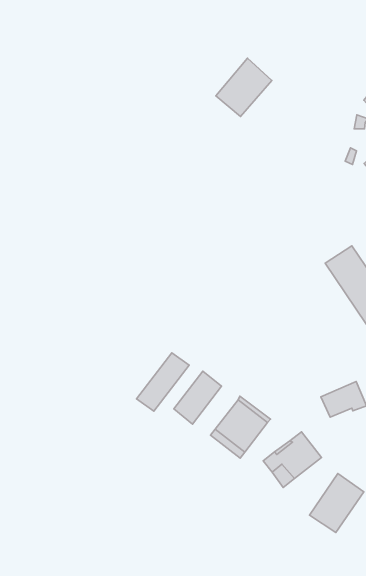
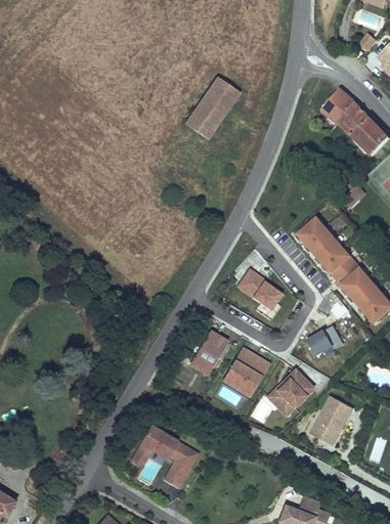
building: none -> [185,111,216,137]
building: none -> [236,269,281,309]
building: [137,353,189,411] -> none
building: none -> [133,426,199,486]

